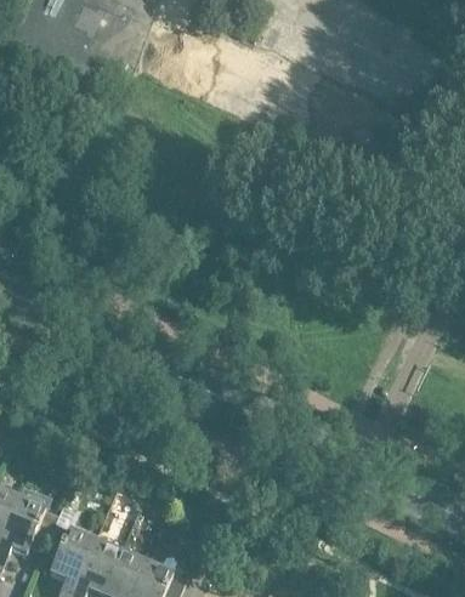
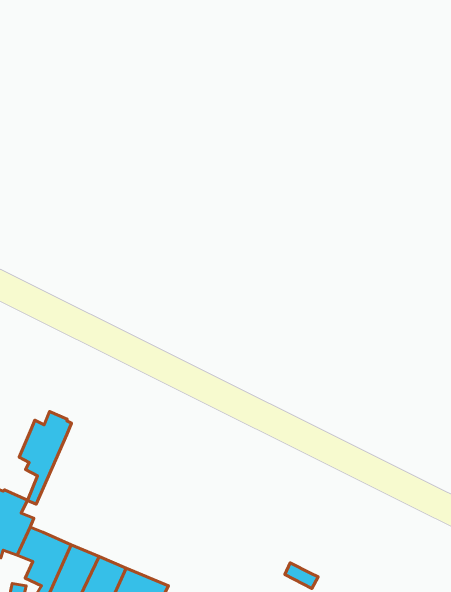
building: none -> [19,412,72,504]

